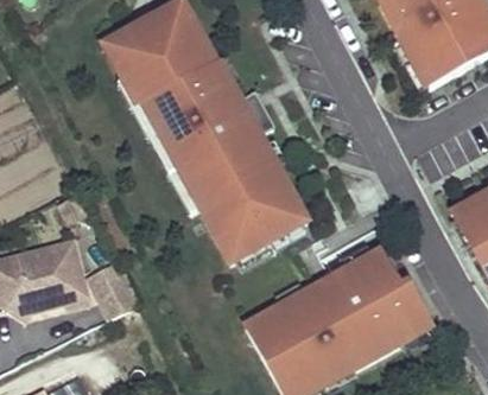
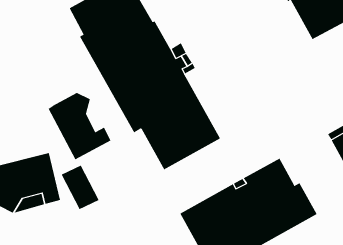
building: none -> [48,92,111,160]

